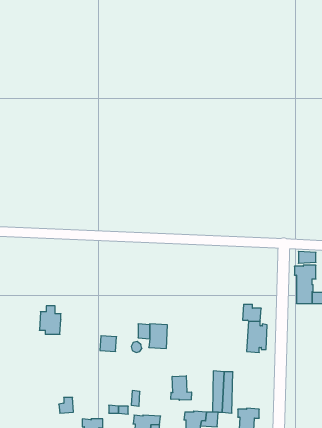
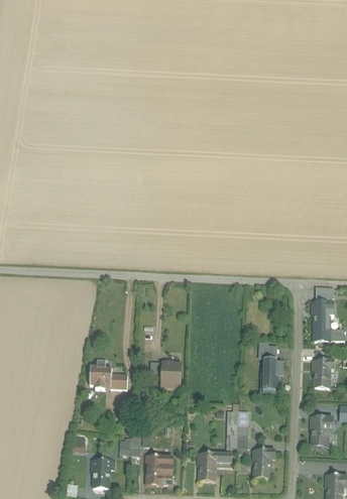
building: [39,306,61,334] -> [89,360,111,389]
building: none -> [312,359,334,388]
building: [171,376,191,400] -> none
building: none -> [310,416,332,446]

